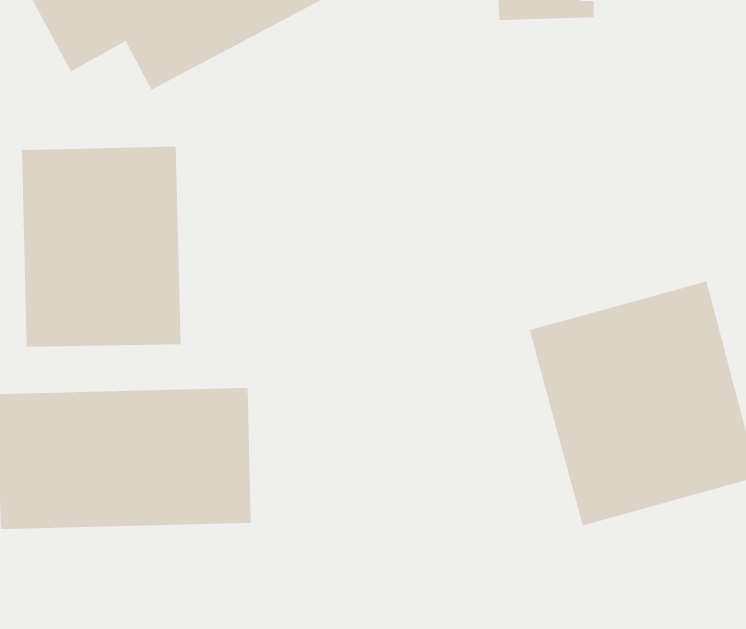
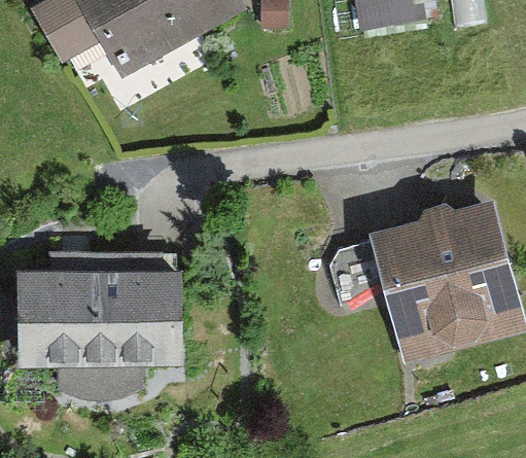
building: [22,146,181,348] -> none

